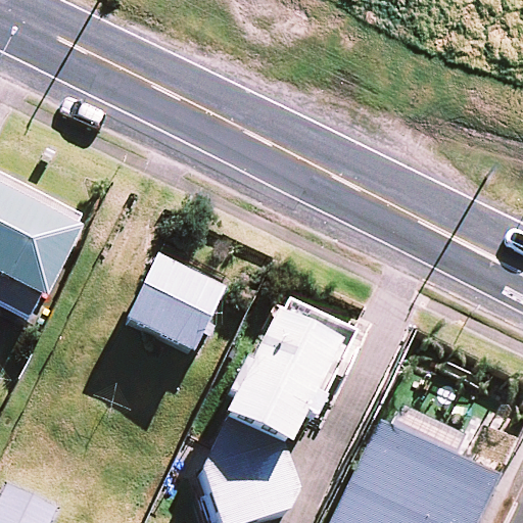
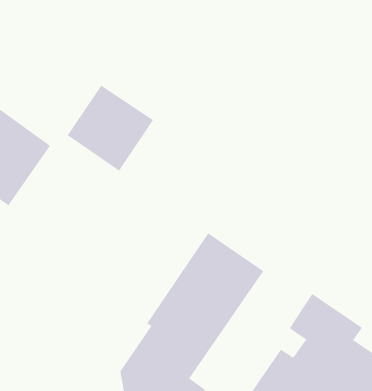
building: [125,260,221,355] -> [67,85,154,172]

